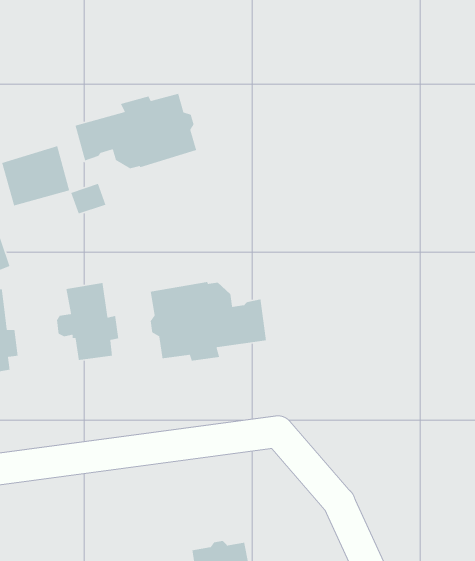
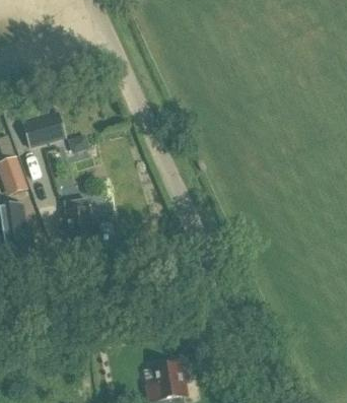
building: [75,93,197,169] -> none
building: [150,281,267,361] -> none

